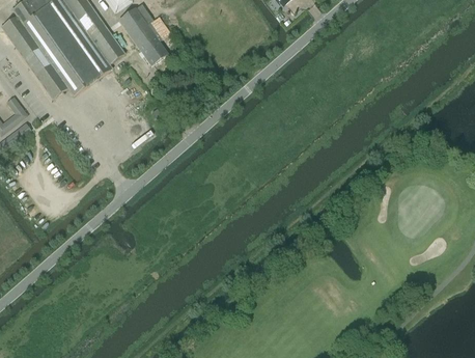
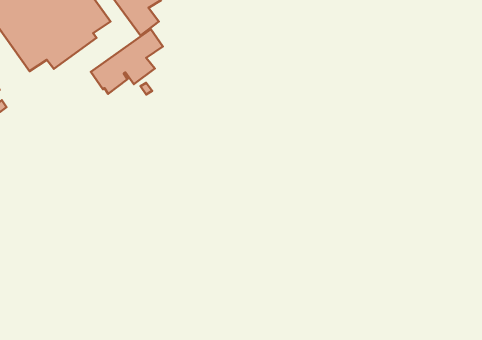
building: none -> [91,29,163,94]

